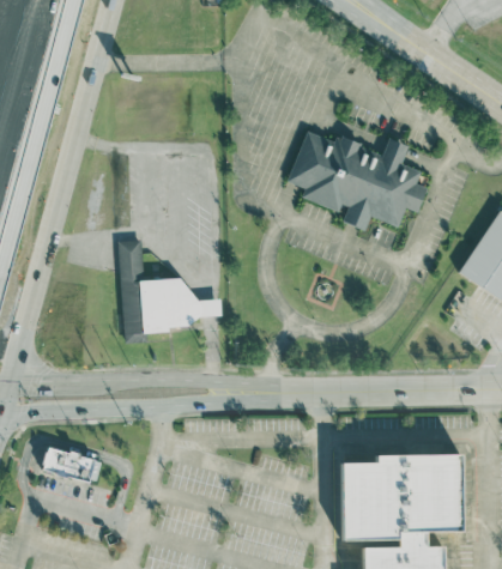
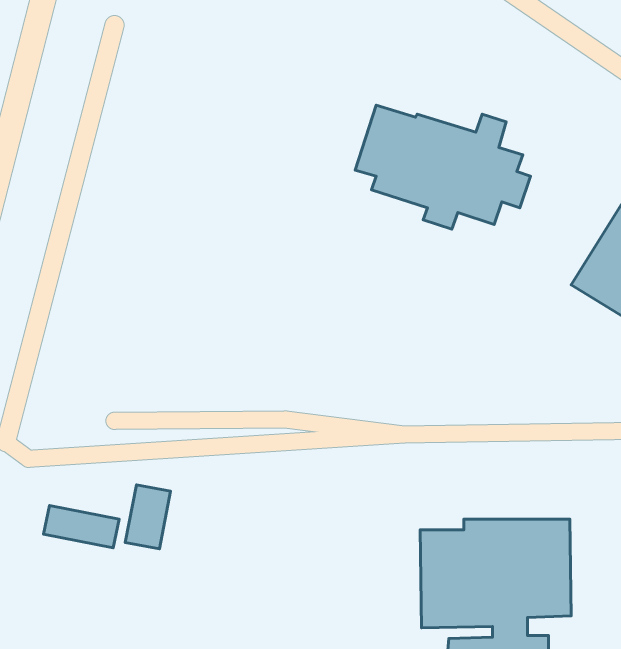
building: [117,238,223,341] -> none
building: none -> [125,485,171,549]

